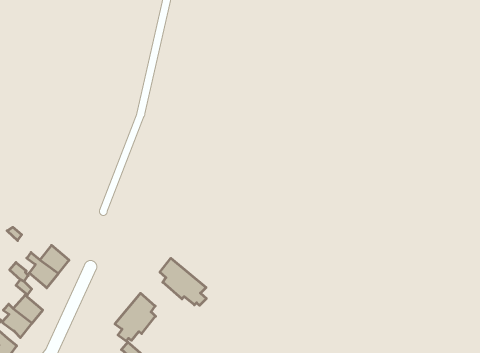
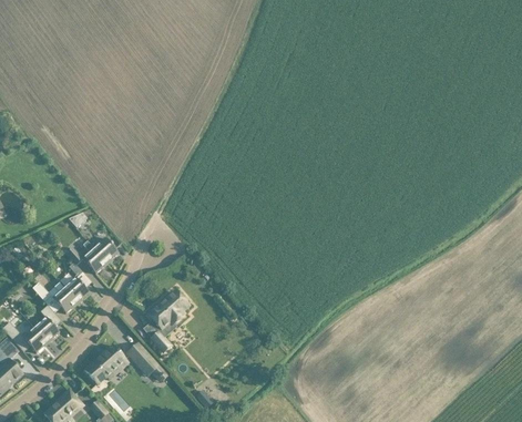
building: [160,258,206,305] -> none

